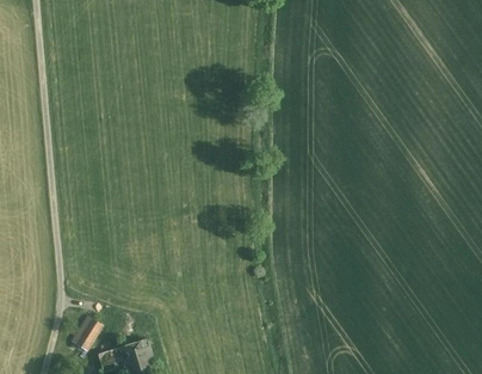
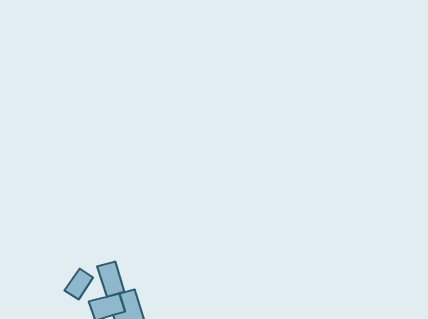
building: none -> [97,261,124,297]

